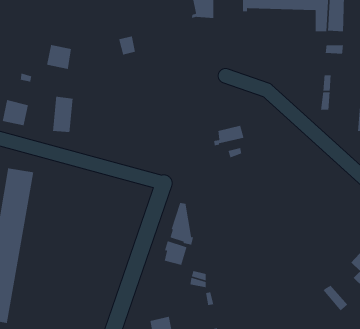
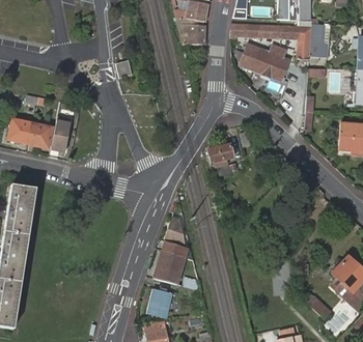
building: none -> [239,46,287,82]
building: [46,44,72,70] -> [28,125,52,149]
building: none -> [146,289,170,317]

